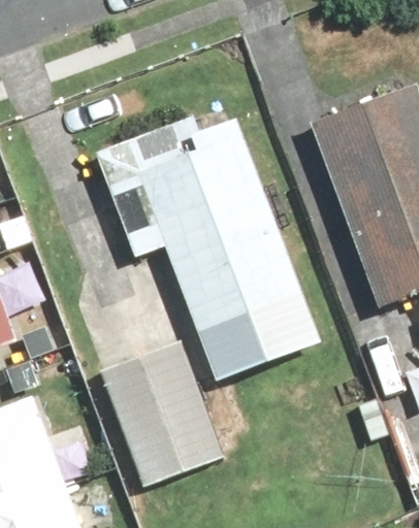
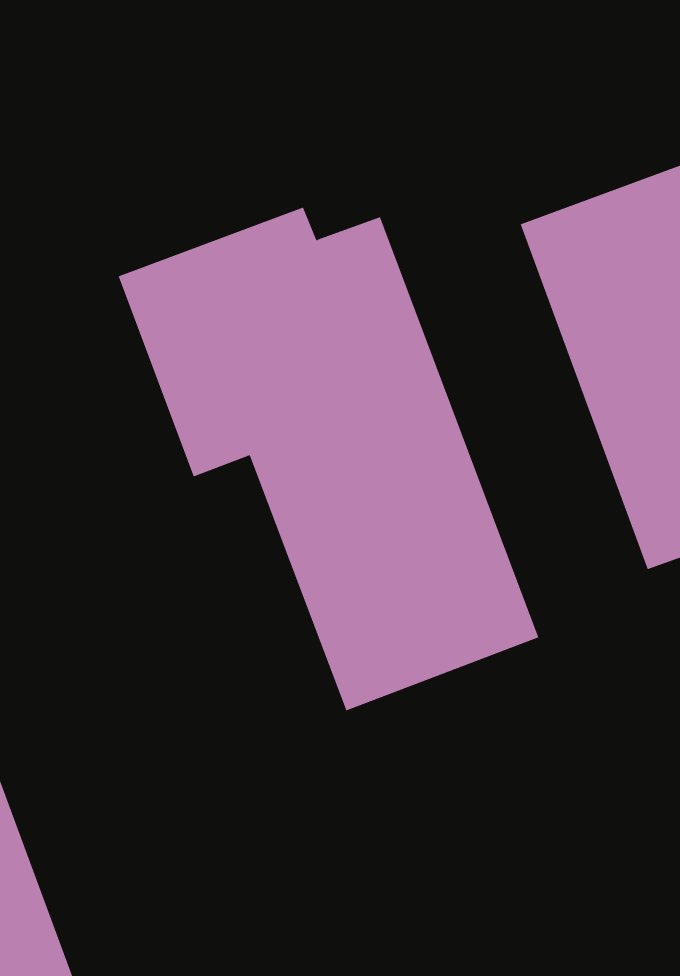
building: [99,340,223,486] -> none

